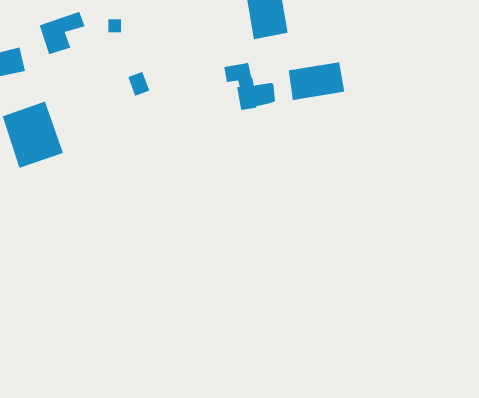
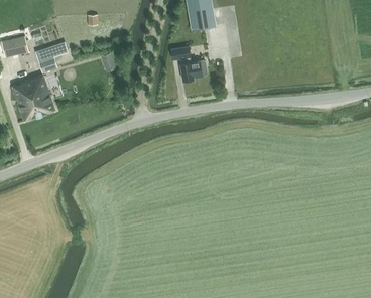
building: [39,11,85,55] -> [34,41,68,72]
building: [288,62,345,101] -> none

